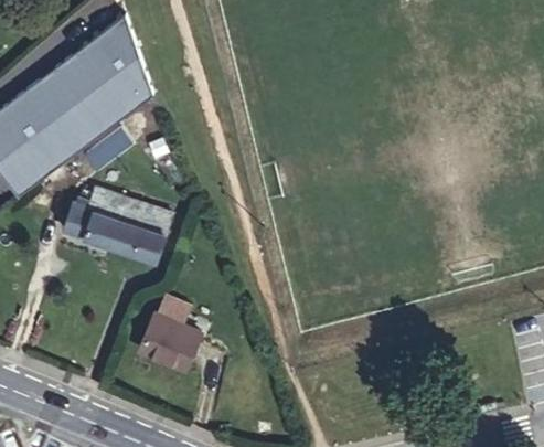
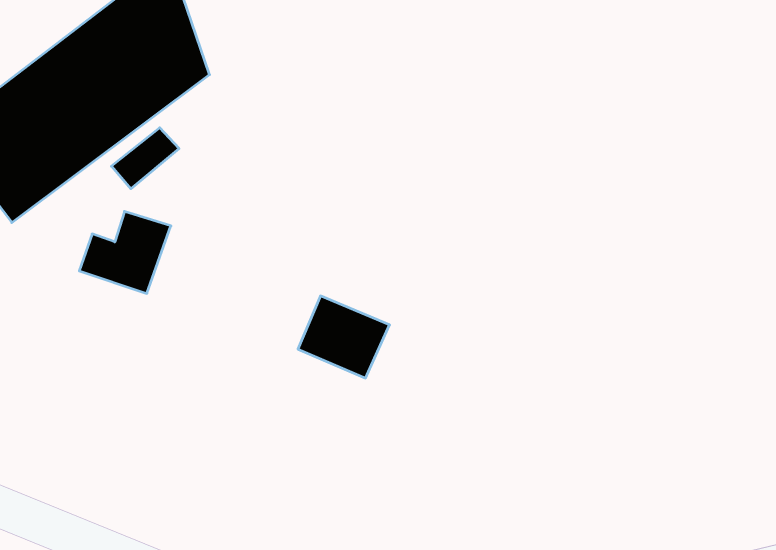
building: [110,198,173,259] -> none
building: [139,311,202,368] -> [298,296,390,378]

